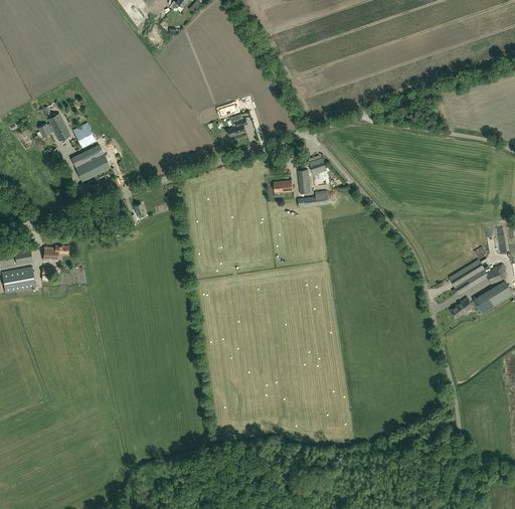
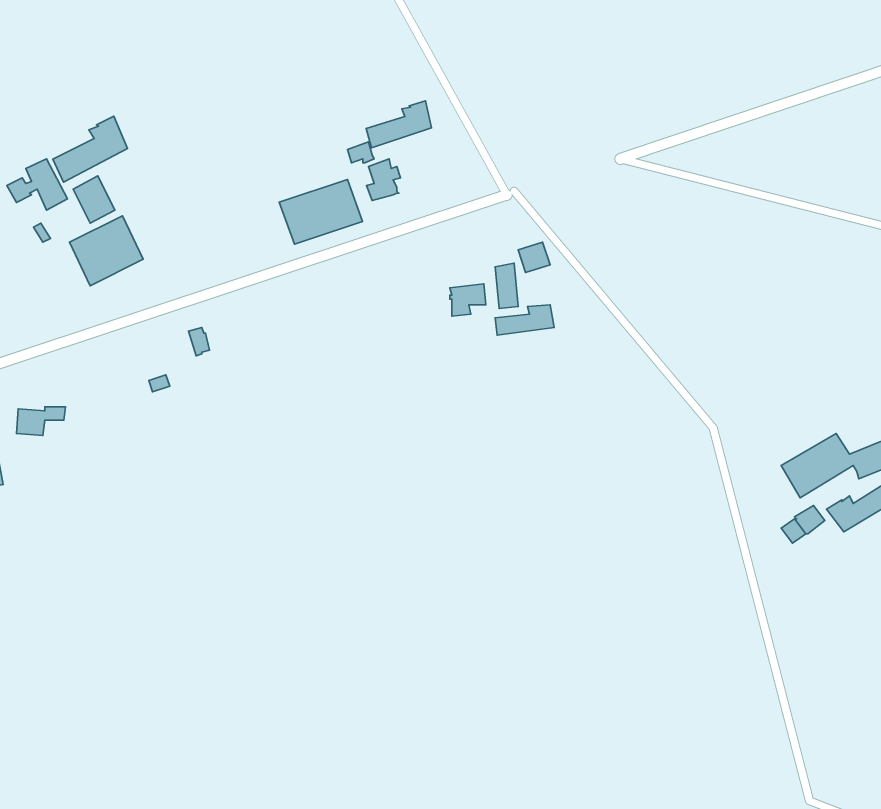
building: none -> [366,101,432,148]
building: none -> [53,116,127,182]
building: none -> [279,179,363,244]

